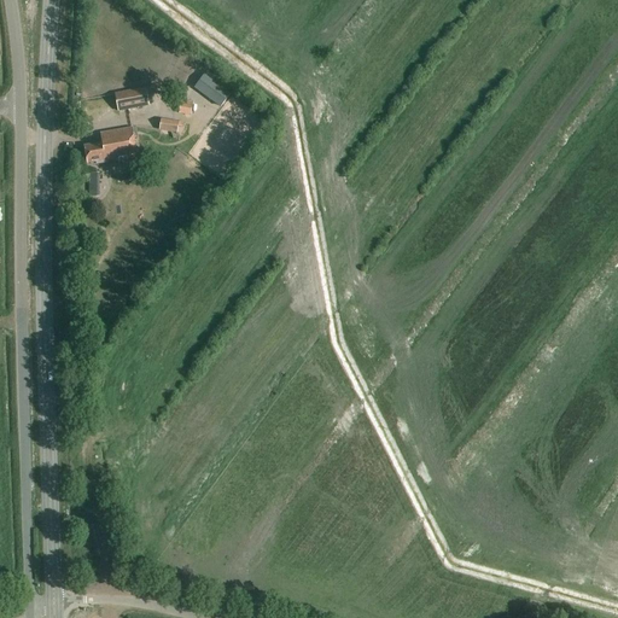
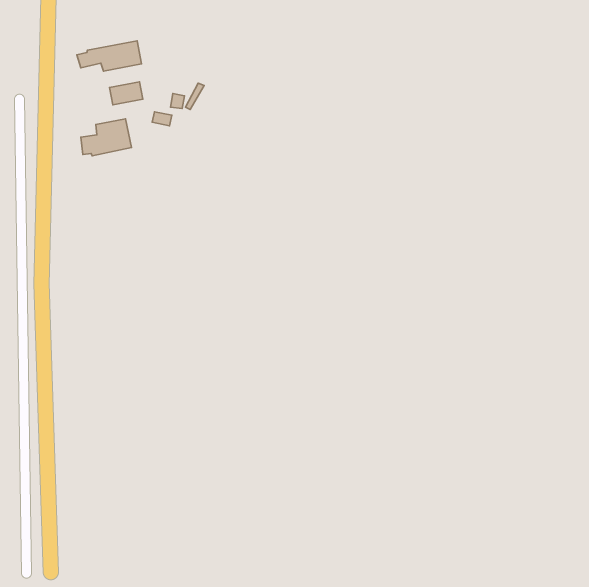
building: none -> [77,41,142,71]

